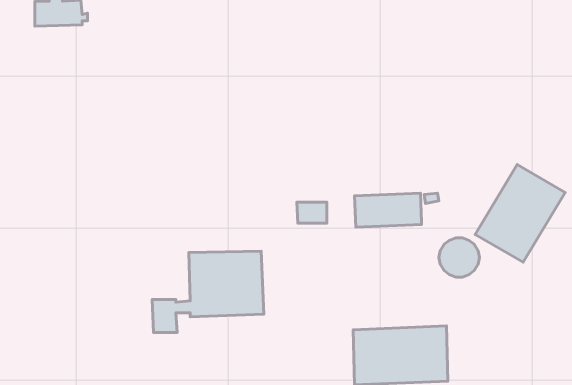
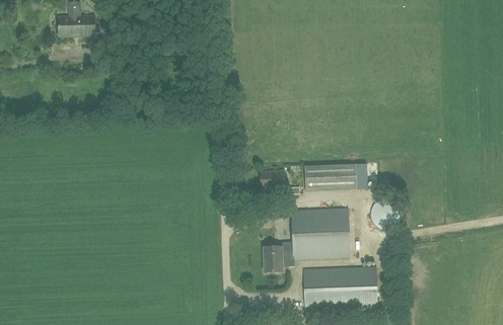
building: [475,165,565,262] -> none
building: [152,251,264,333] -> [263,209,349,271]

